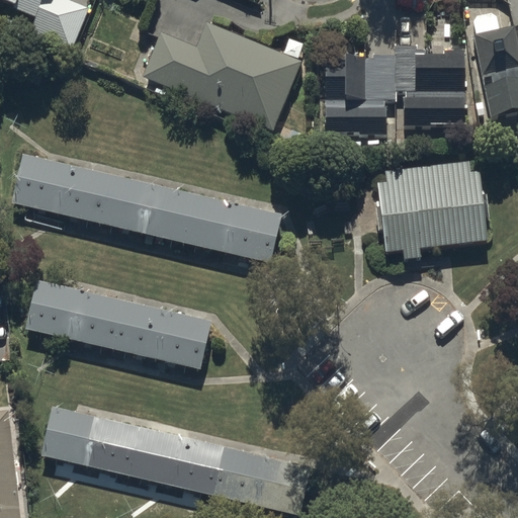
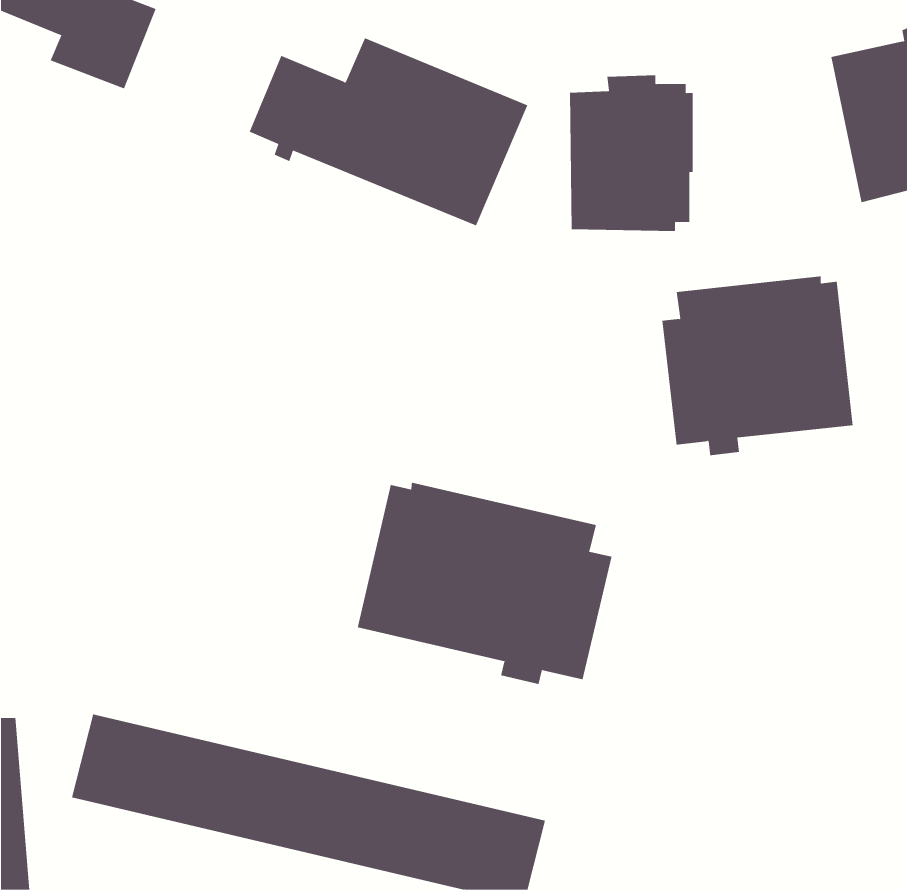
building: [397,44,465,123] -> none
building: [12,154,281,262] -> none
building: none -> [357,482,612,685]
building: [25,280,210,368] -> none

